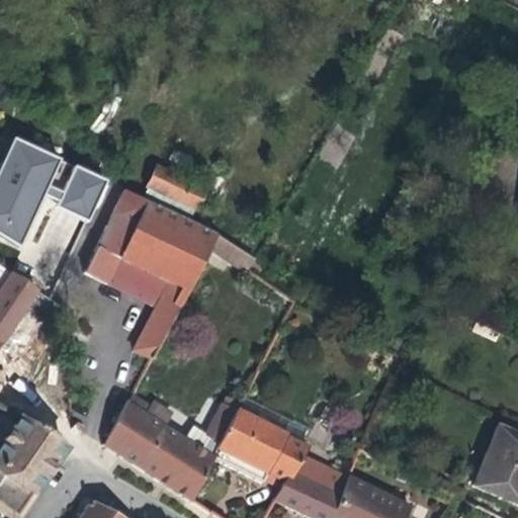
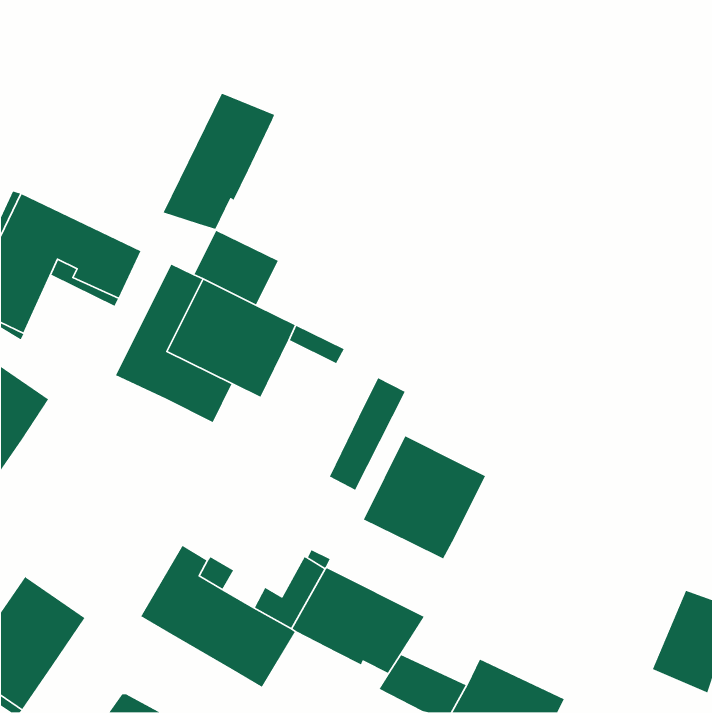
building: none -> [162,93,275,230]
building: [136,277,191,359] -> [329,377,406,491]
building: none -> [363,435,486,559]
building: [292,453,349,495] -> none

